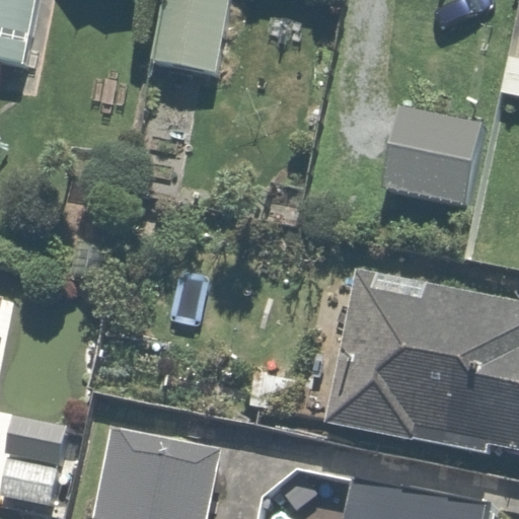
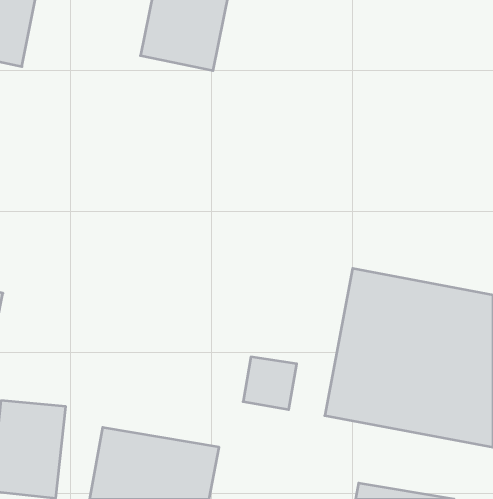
building: [386,103,485,208] -> none

